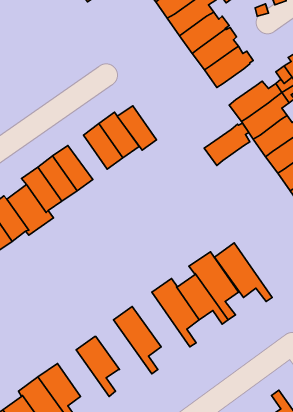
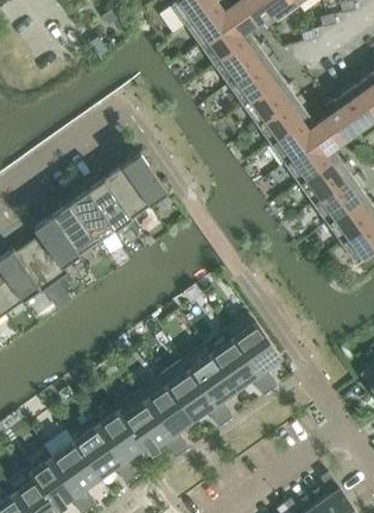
building: [117,106,157,150] -> [85,179,131,230]
building: [204,123,250,166] -> [256,96,309,145]
building: [214,243,272,302] -> [159,360,226,428]
building: none -> [114,392,182,460]
building: none -> [74,426,133,484]

